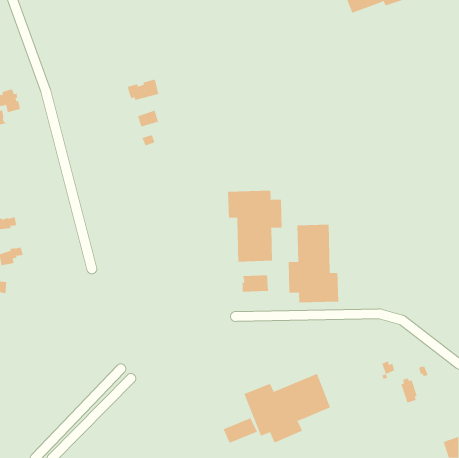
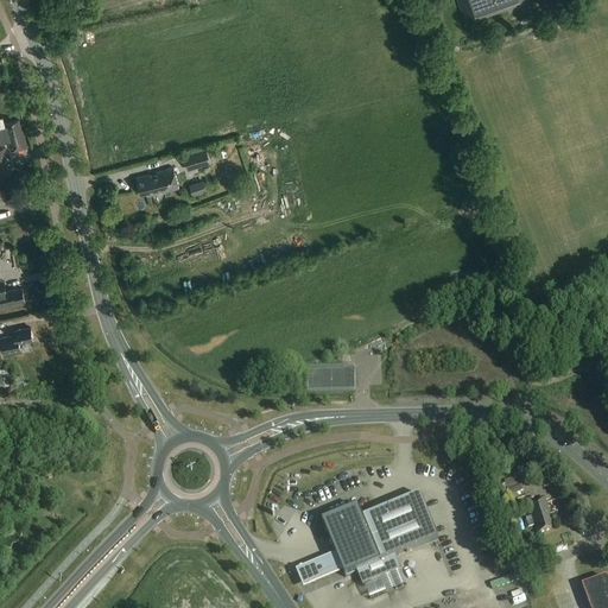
building: [127,79,159,101] -> [134,164,177,192]
building: [228,190,282,263] -> none
building: [288,224,339,303] -> none

